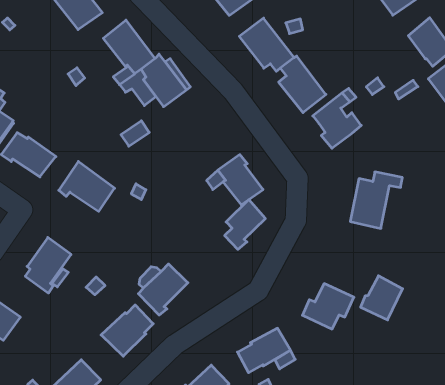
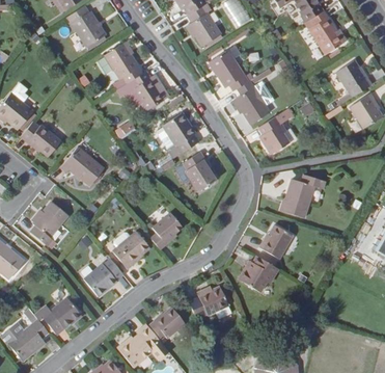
building: none -> [166,111,200,158]
building: [225,200,265,249] -> [153,211,185,248]
building: [361,276,403,320] -> [259,222,293,257]

